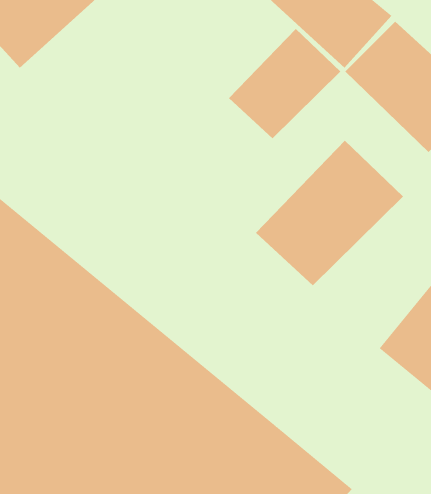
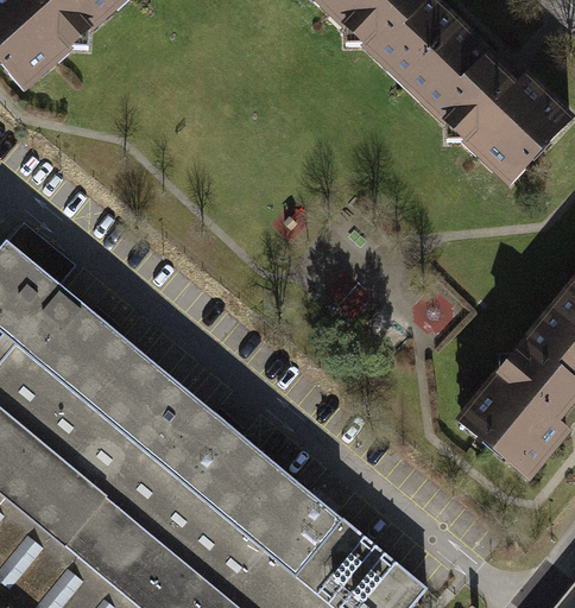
building: [228,28,341,139] -> none
building: [255,140,404,286] -> none

